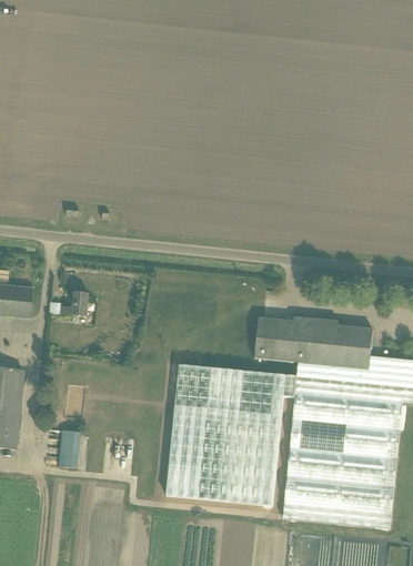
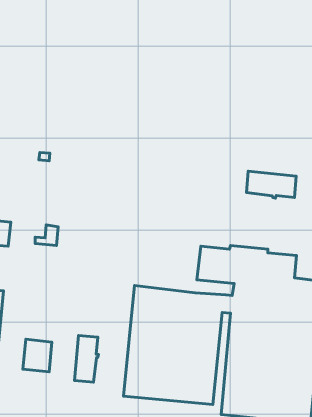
building: none -> [246,171,296,198]
building: none -> [74,336,98,382]

